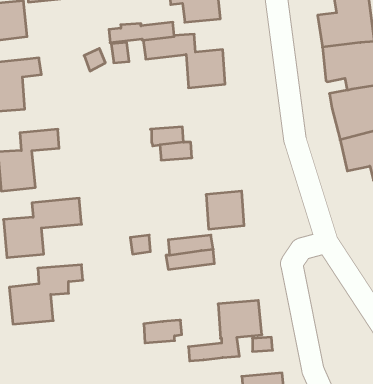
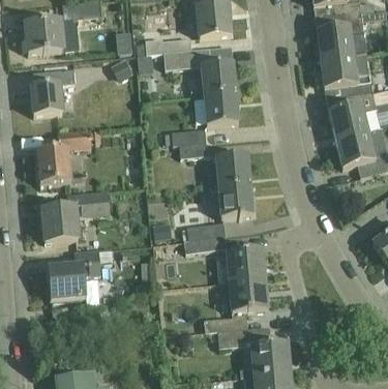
building: none -> [204,91,238,124]
building: none -> [216,154,250,187]
building: none -> [227,248,265,282]
building: [144,320,182,343] -> [217,328,250,348]

